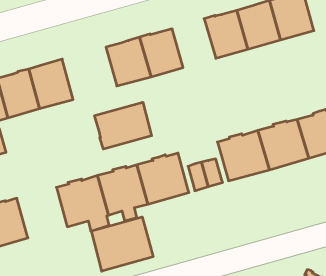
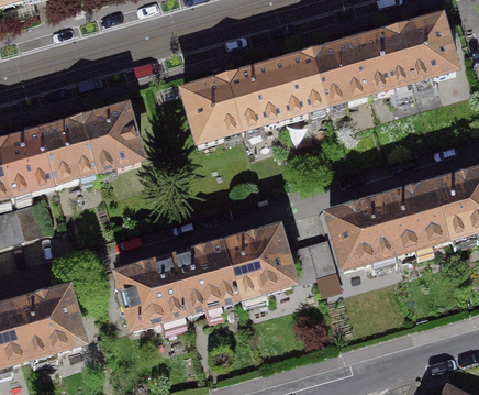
building: none -> [270,53,327,117]
building: [95,102,152,149] -> none
building: [92,217,153,271] -> none

